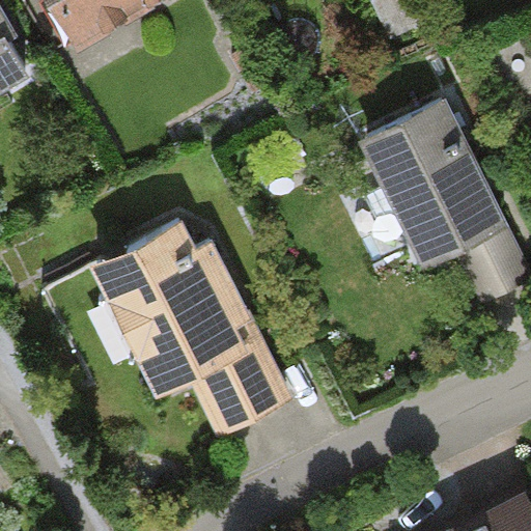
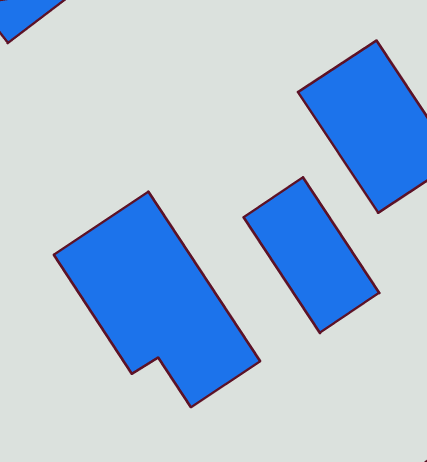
building: none -> [244,177,379,333]

